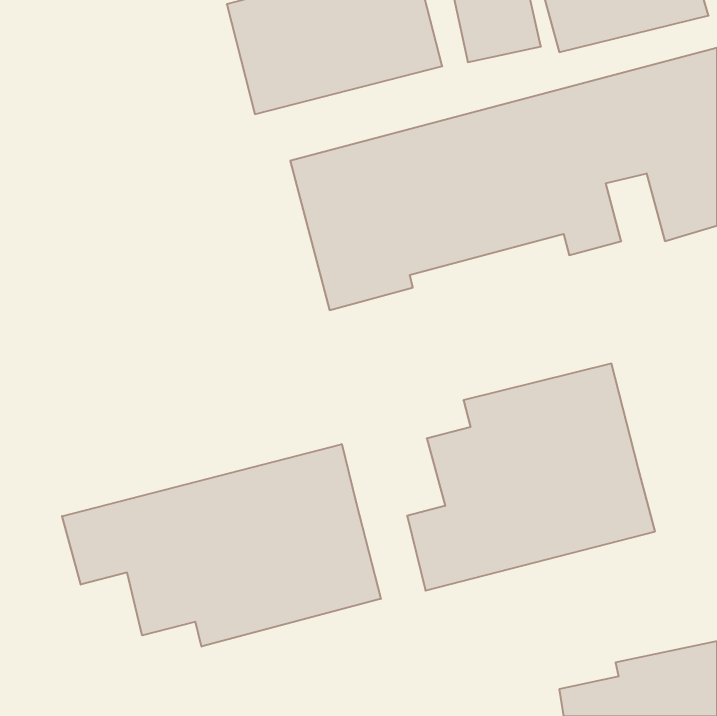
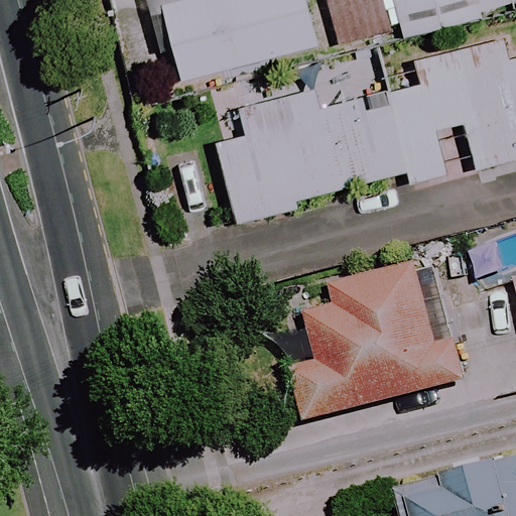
building: [62,444,381,647] -> none

